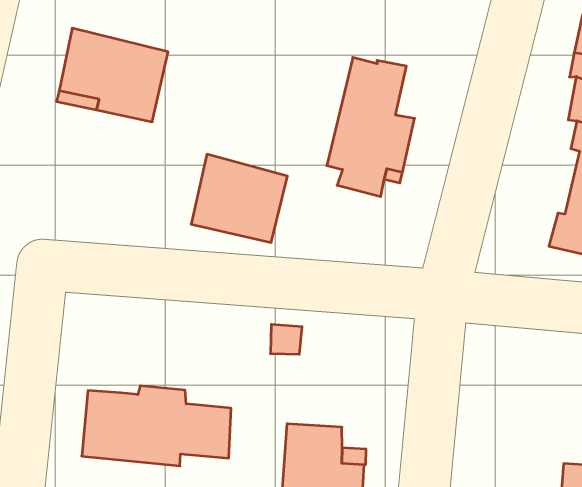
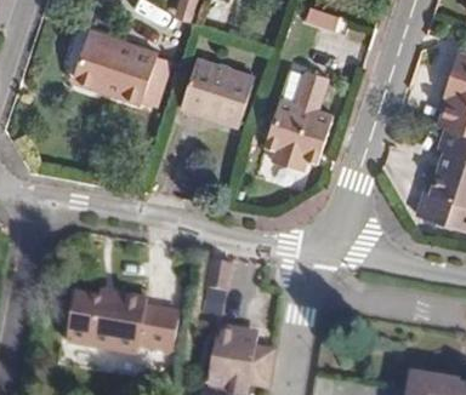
building: [191,154,287,242] -> [183,58,255,125]

